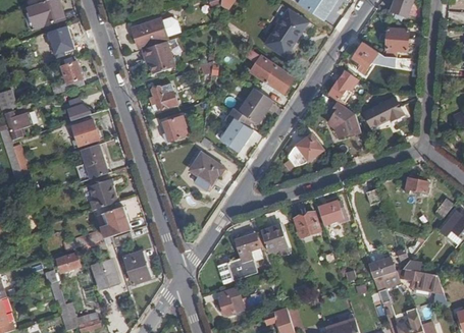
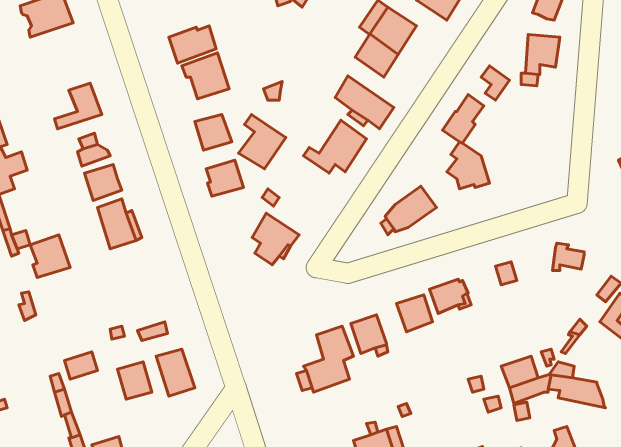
building: [47,25,72,54] -> none
building: [364,98,402,125] -> none
building: [218,113,252,152] -> [239,115,286,169]
building: [87,178,115,209] -> [30,235,70,278]
building: [99,207,130,237] -> none
building: [217,287,243,316] -> none

